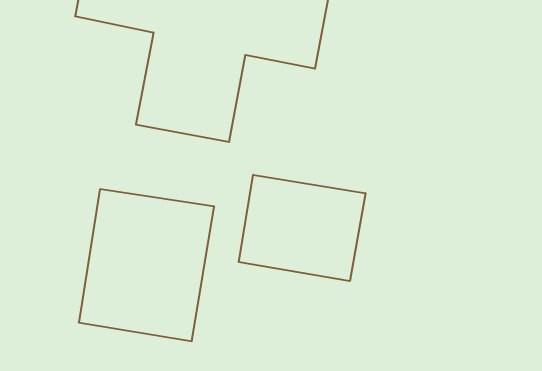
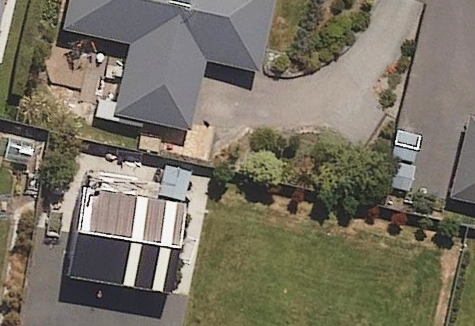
building: [239,175,365,281] -> none

